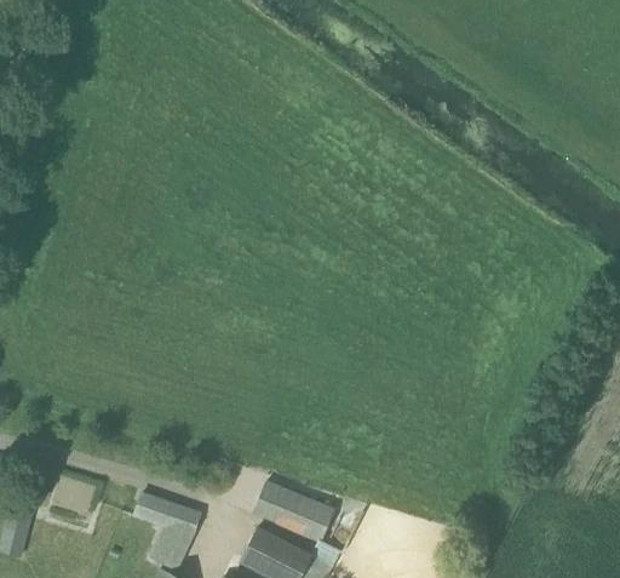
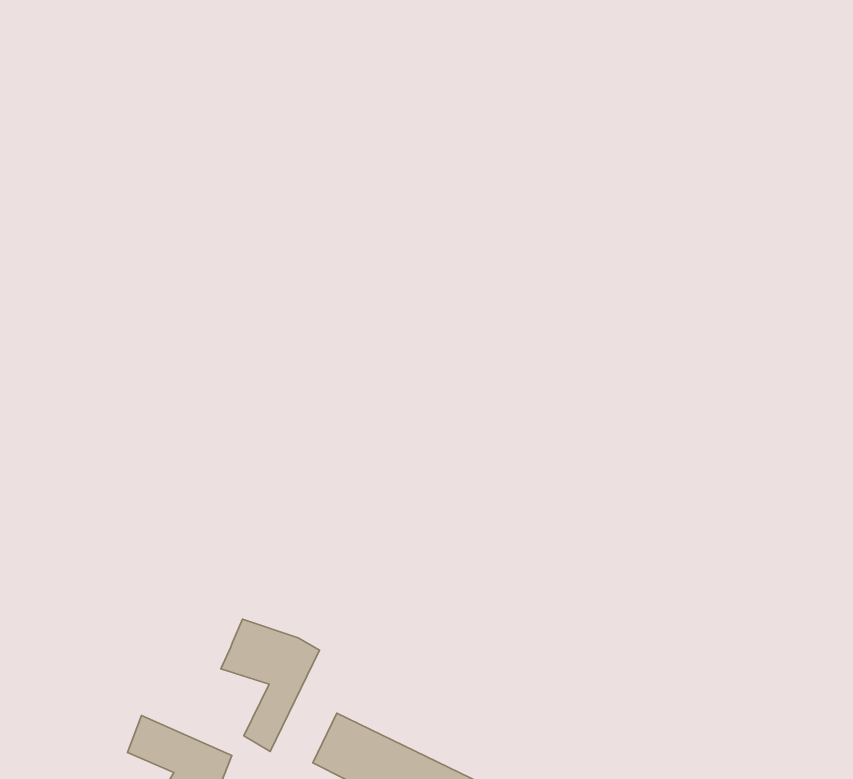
building: none -> [221,619,320,752]

